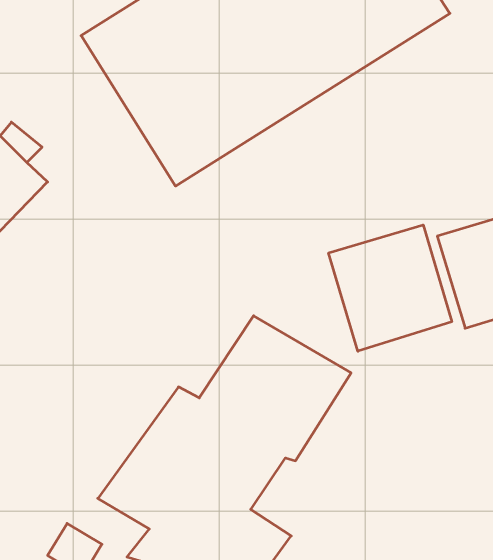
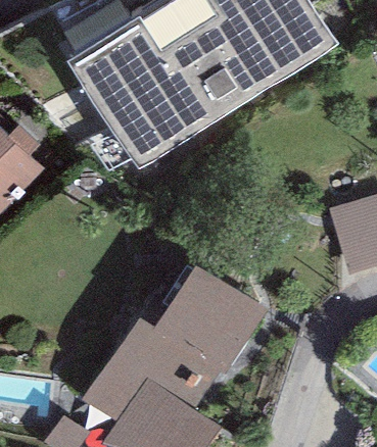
building: [329,225,452,351] -> none

